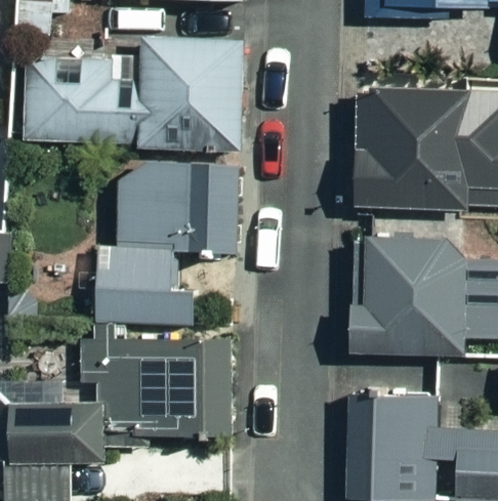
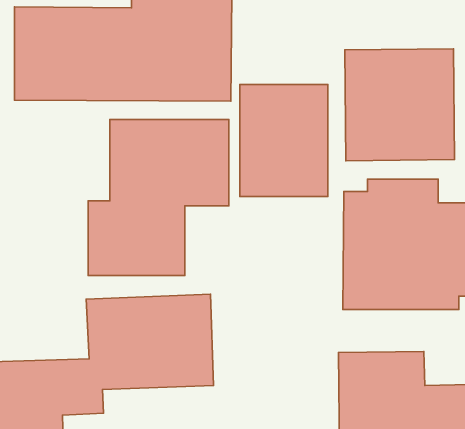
building: none -> [240,85,328,196]

